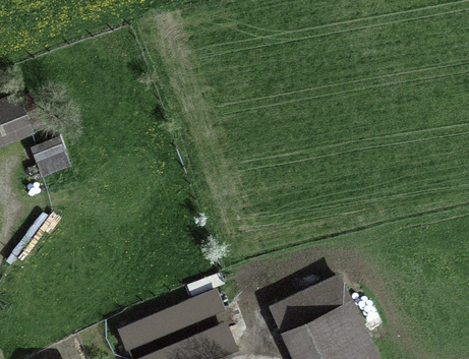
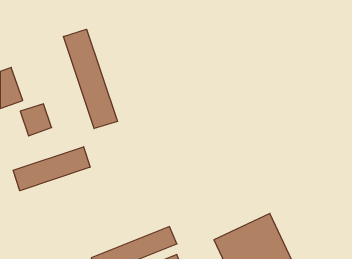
building: none -> [63,29,117,129]
building: none -> [13,147,90,191]

